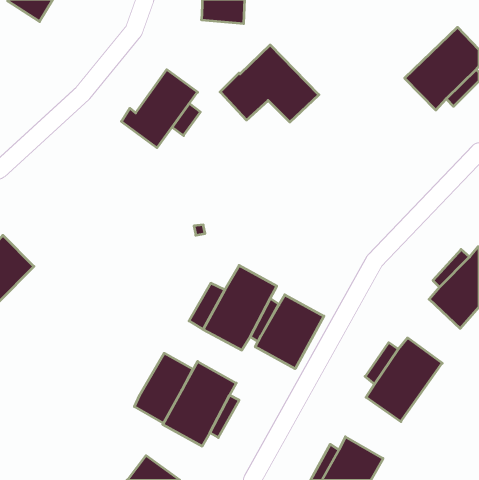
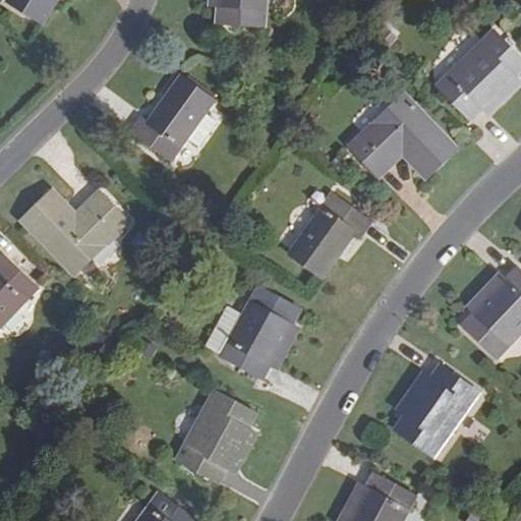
building: [220,45,319,122] -> [350,94,457,177]
building: none -> [21,189,128,274]
building: none -> [289,193,371,277]
building: [255,295,324,369] -> none
building: [134,353,193,423] -> none

